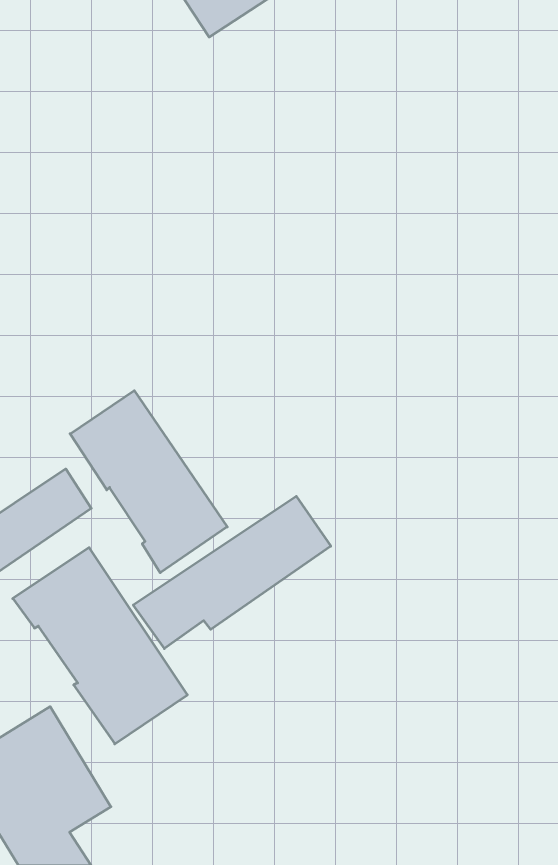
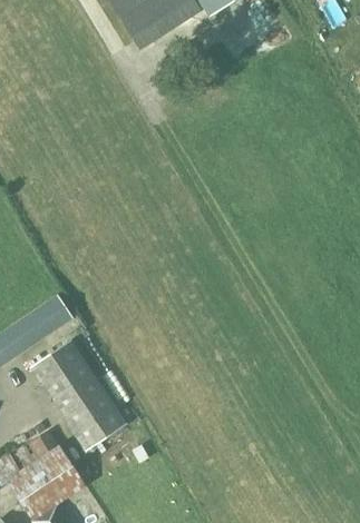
building: [70,391,227,573] -> none
building: [133,496,331,649] -> none

